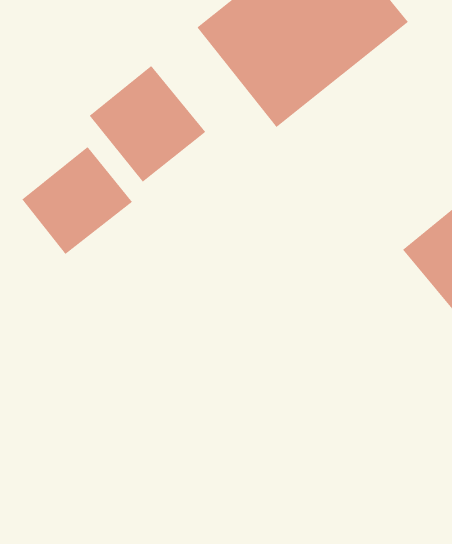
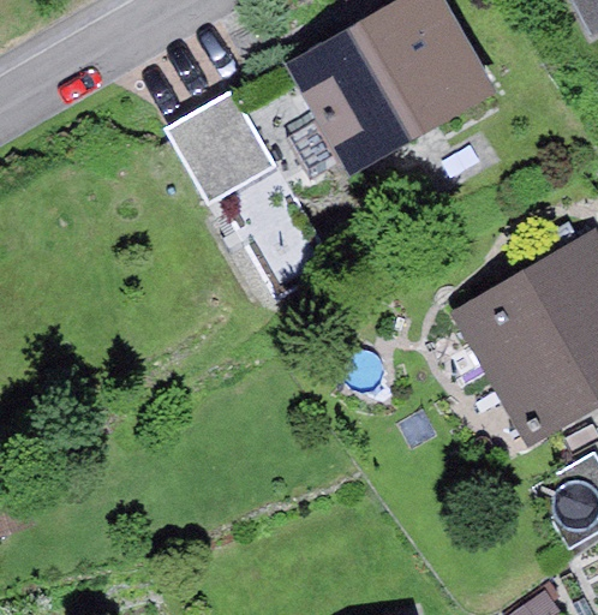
building: [21,146,133,255] -> none

